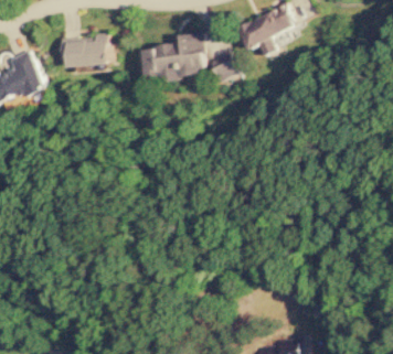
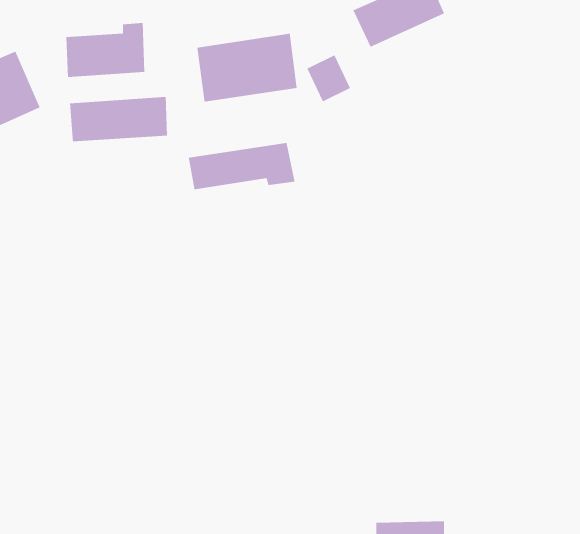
building: none -> [69,96,167,142]
building: none -> [188,142,295,190]

